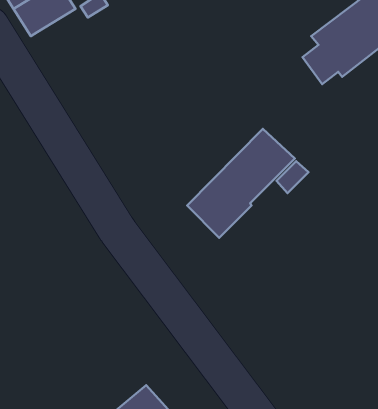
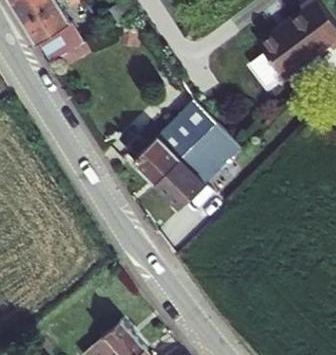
building: none -> [38,22,83,63]
building: none -> [135,95,220,181]

